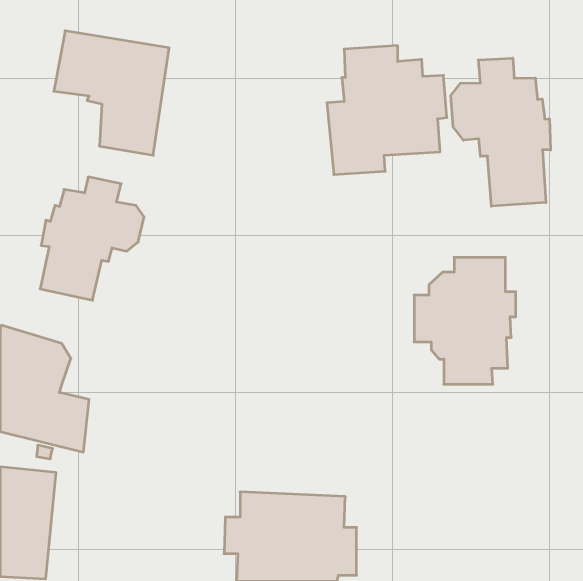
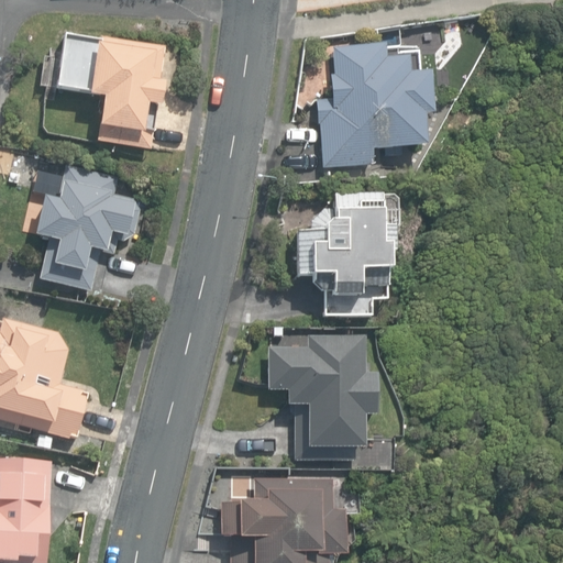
building: [451,58,551,206] -> none
building: [414,257,516,384] -> [296,194,394,316]
building: none -> [267,335,376,461]

